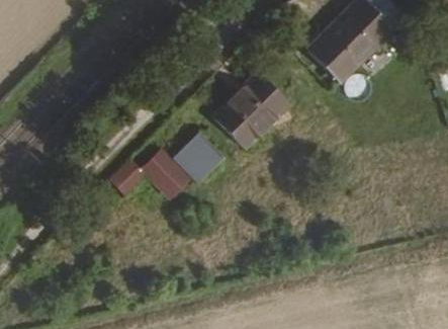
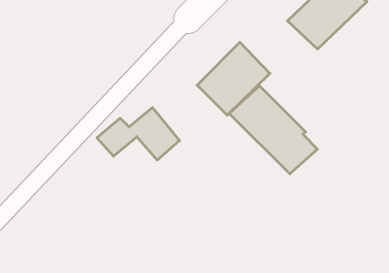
building: none -> [229,86,317,174]
building: [175,129,227,180] -> none

